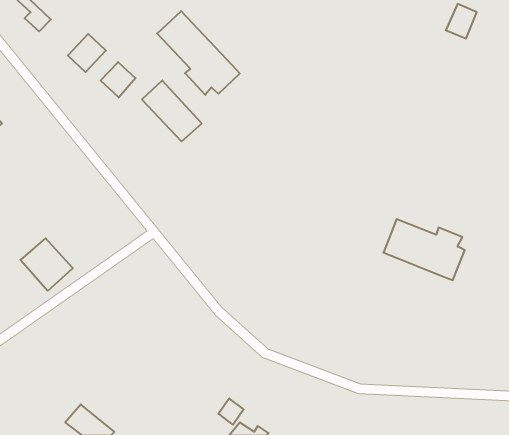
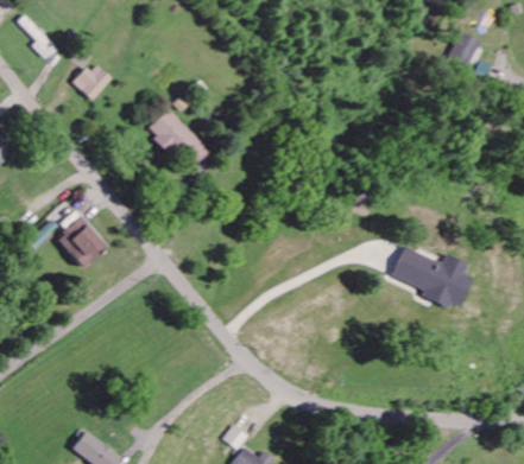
building: [157,11,240,95] -> none
building: [101,62,136,98] -> none
building: [20,238,73,291] -> [55,217,107,269]

